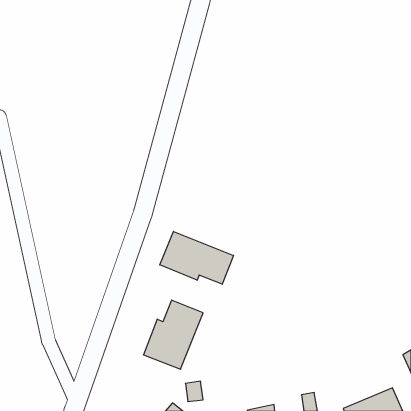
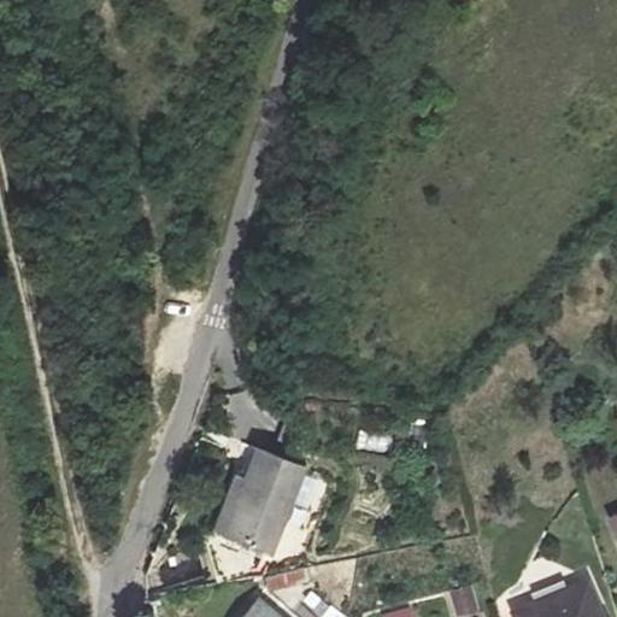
building: [160,231,233,284] -> none

